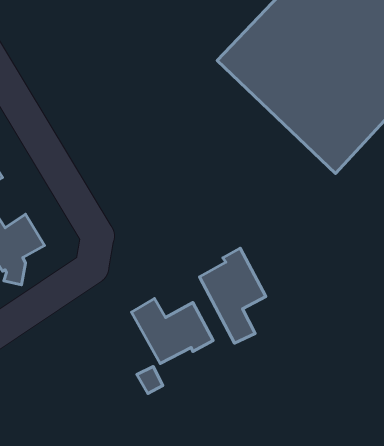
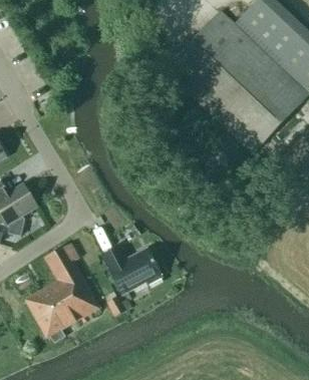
building: [200,248,266,343] -> none
building: none -> [24,245,100,343]

